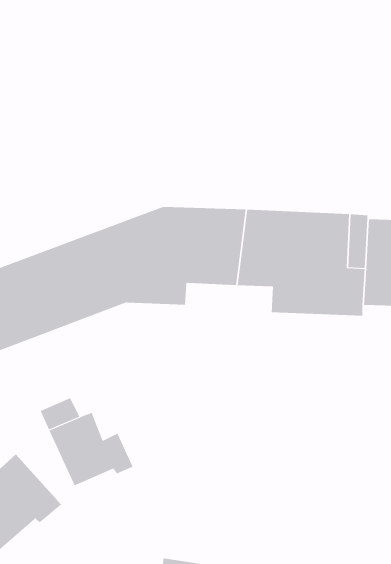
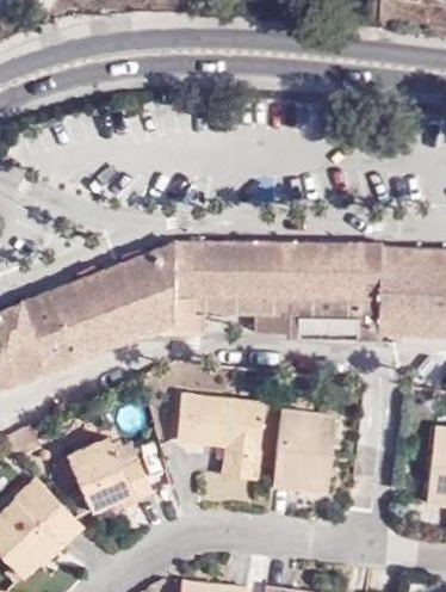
building: none -> [179,396,265,483]
building: none -> [275,413,339,493]

